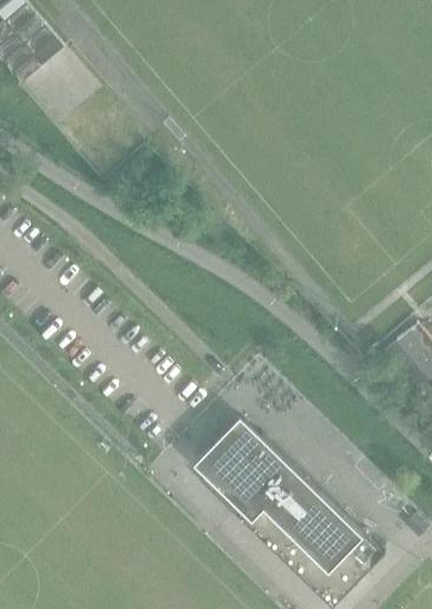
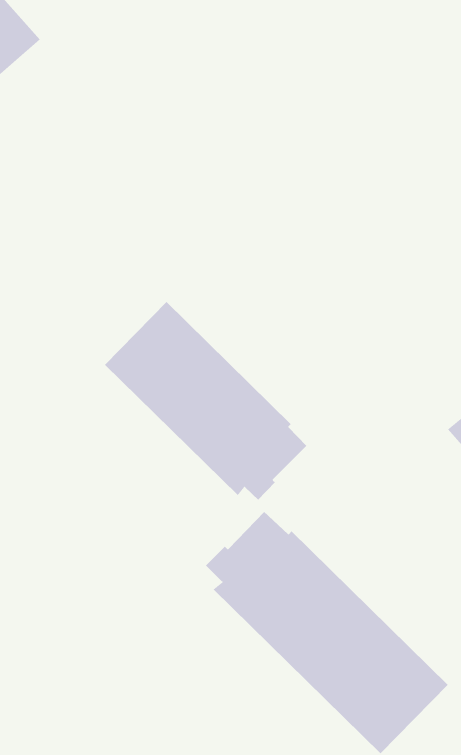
building: none -> [104,301,307,500]

